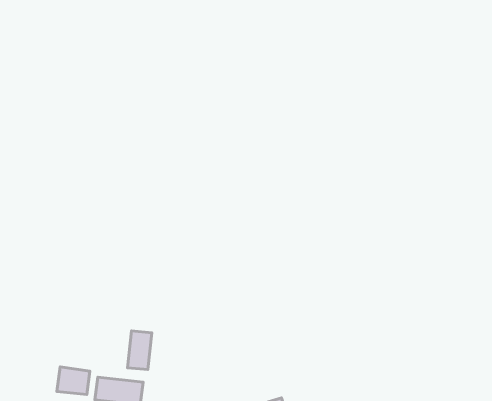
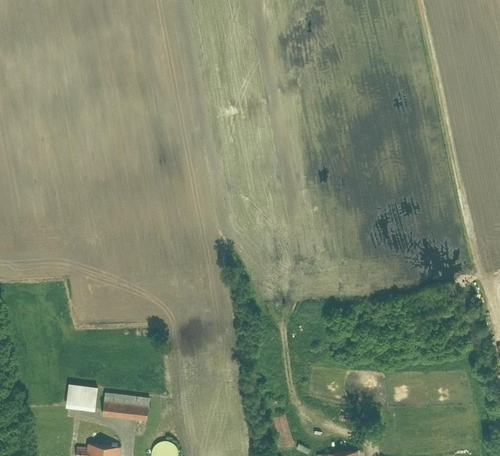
building: [127,331,152,370] -> none

